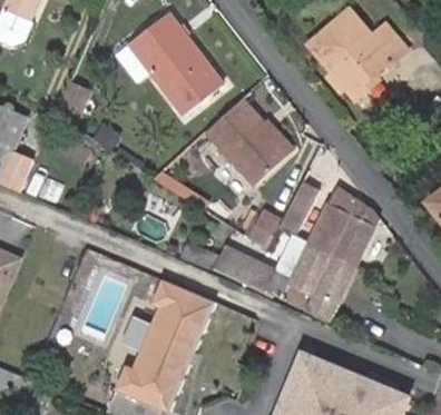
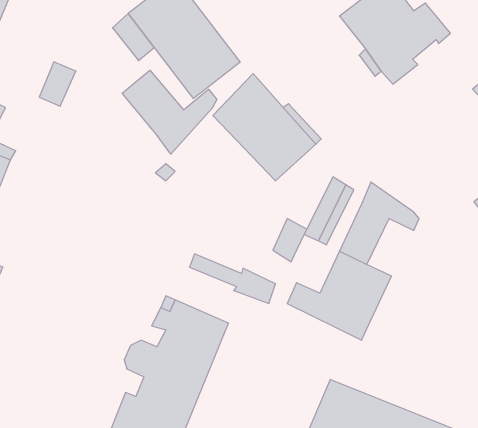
building: none -> [122,70,217,154]
building: [333,216,373,265] -> none

